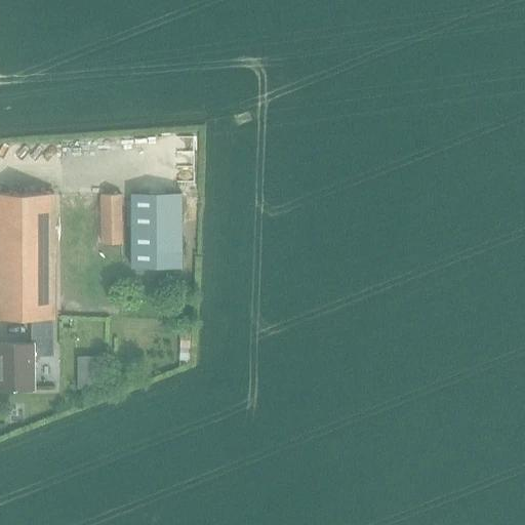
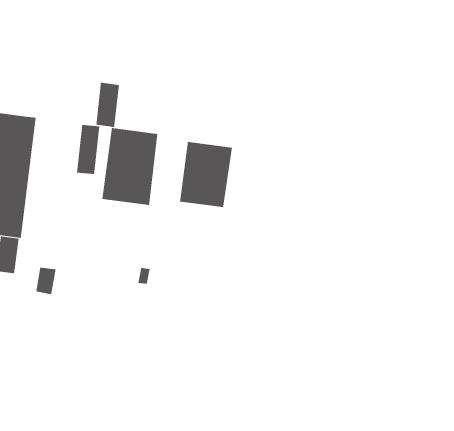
building: none -> [96,82,120,128]
building: none -> [180,141,233,208]

